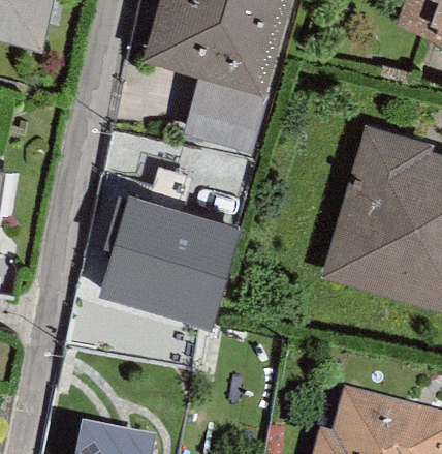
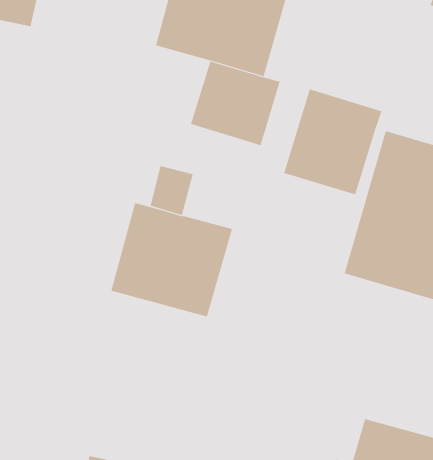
building: none -> [284,89,382,195]

